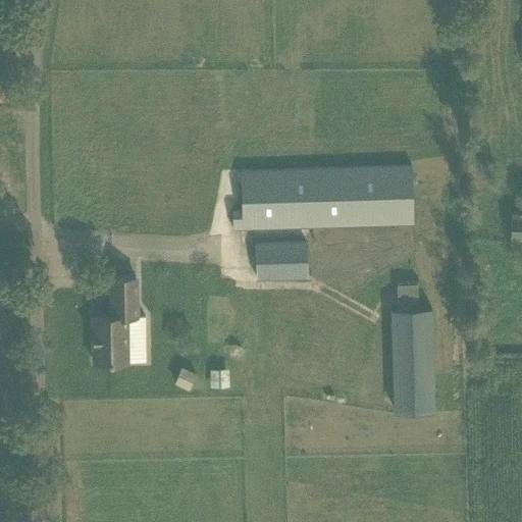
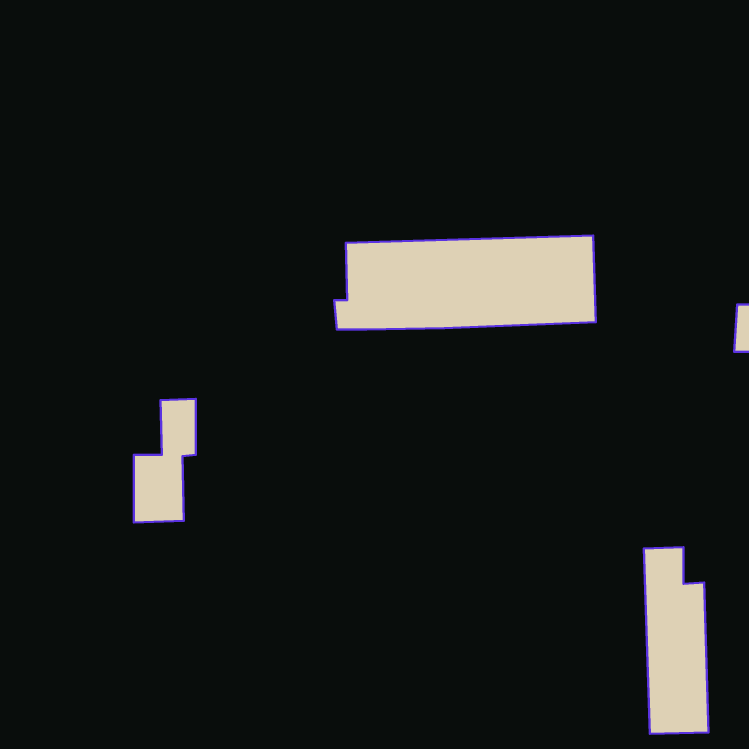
building: [256,244,309,280] -> none
building: [390,283,435,413] -> [644,547,709,734]

